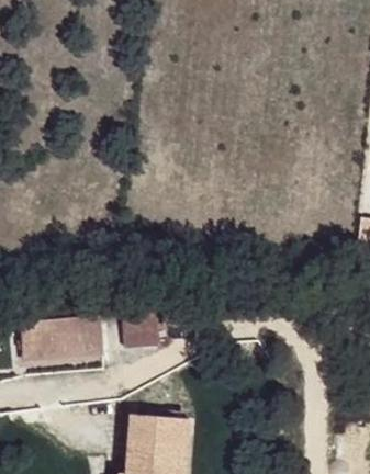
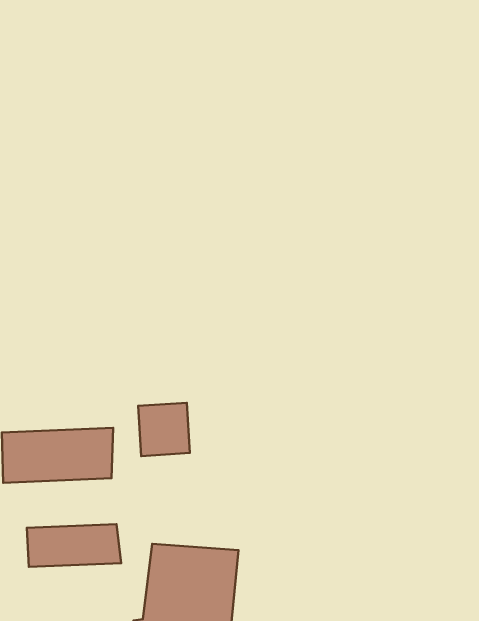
building: none -> [27,524,121,567]

